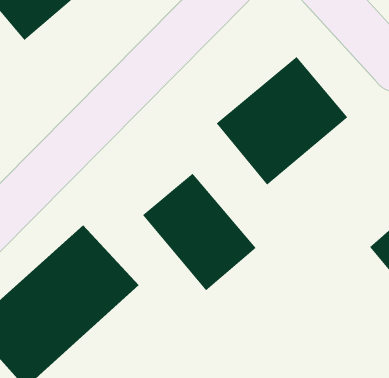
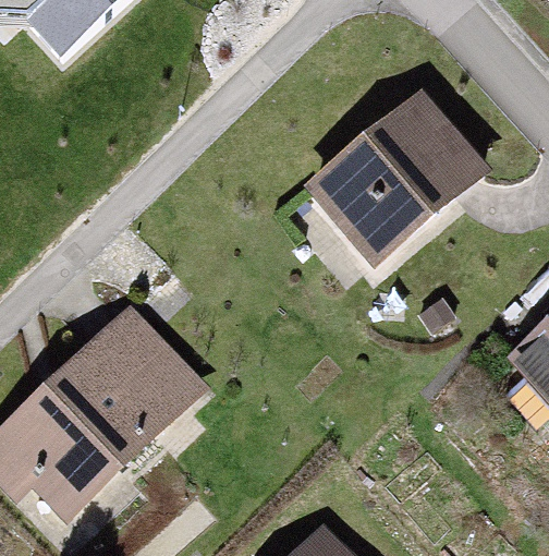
building: [142,173,256,291] -> none

